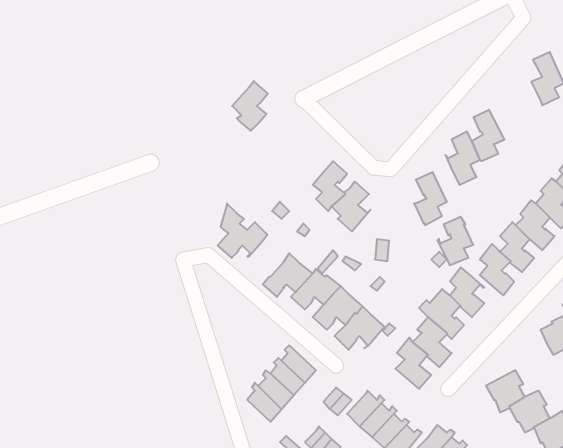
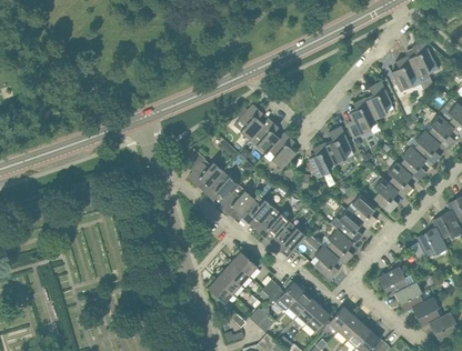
building: none -> [391,56,416,91]
building: [232,81,268,131] -> [237,103,262,139]
building: [437,217,473,265] -> [308,142,333,177]
building: none -> [203,170,238,200]

